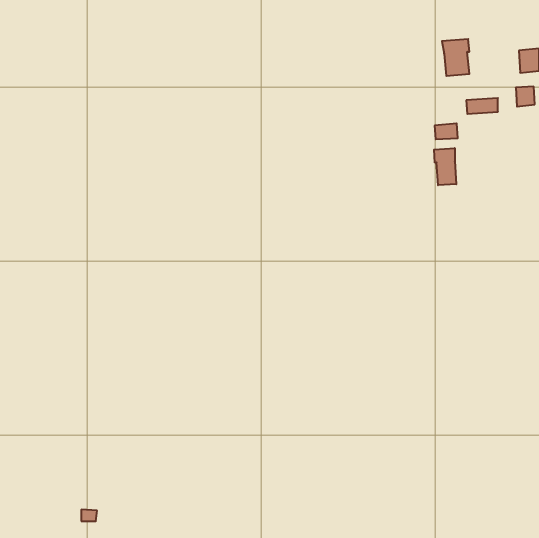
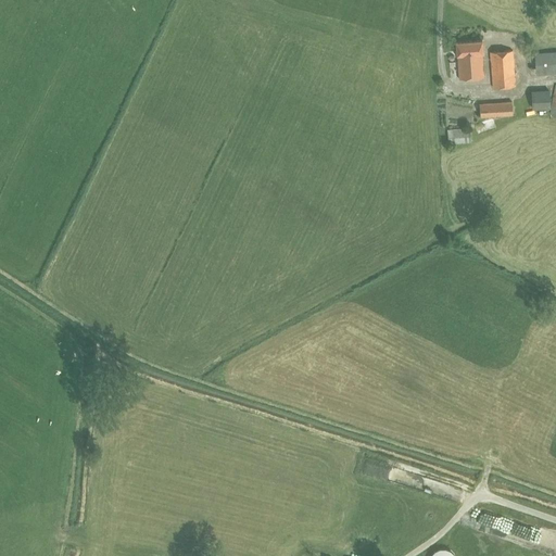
building: none -> [490,51,516,88]
building: [434,148,456,185] -> none

